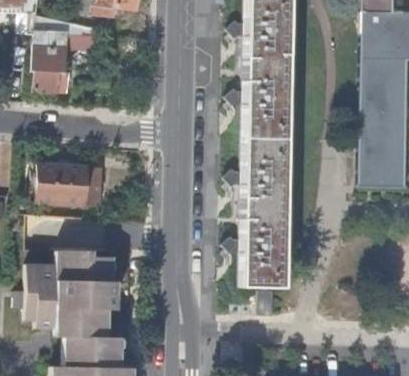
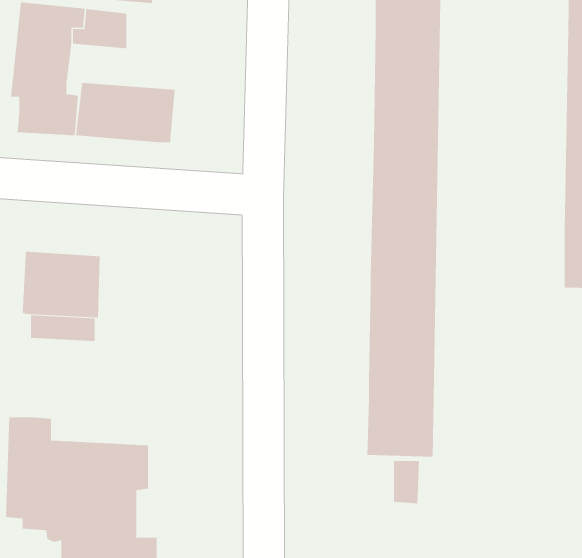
building: none -> [75,82,175,143]
building: [55,248,115,280] -> none

